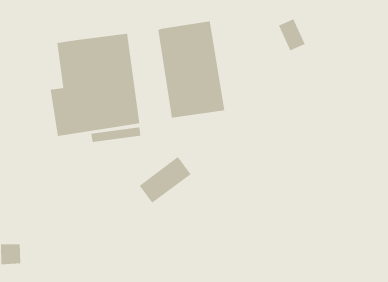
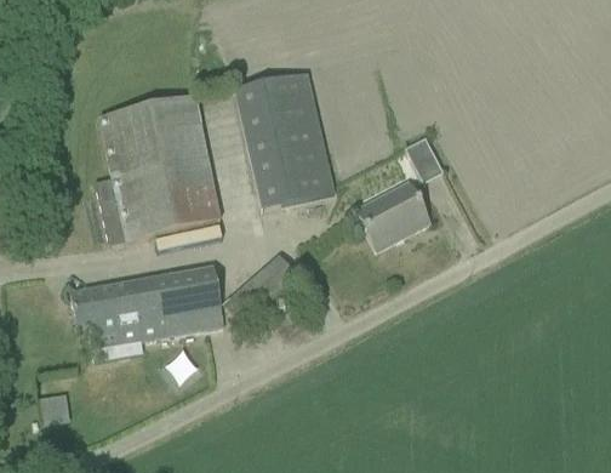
building: [278,18,305,51] -> [405,137,444,182]
building: none -> [355,181,430,250]
building: none -> [70,267,224,343]

